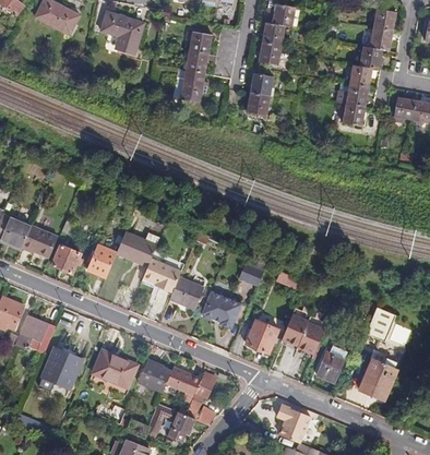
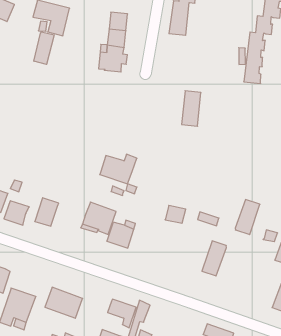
building: none -> [34,32,54,64]
building: [248,72,273,115] -> [182,91,201,126]
building: [116,231,160,266] -> [100,154,137,184]
building: [201,290,241,327] -> none
building: [296,315,326,357] -> [235,200,260,235]
building: [246,319,279,354] -> none
building: [316,344,347,383] -> none
building: [138,360,171,392] -> none

